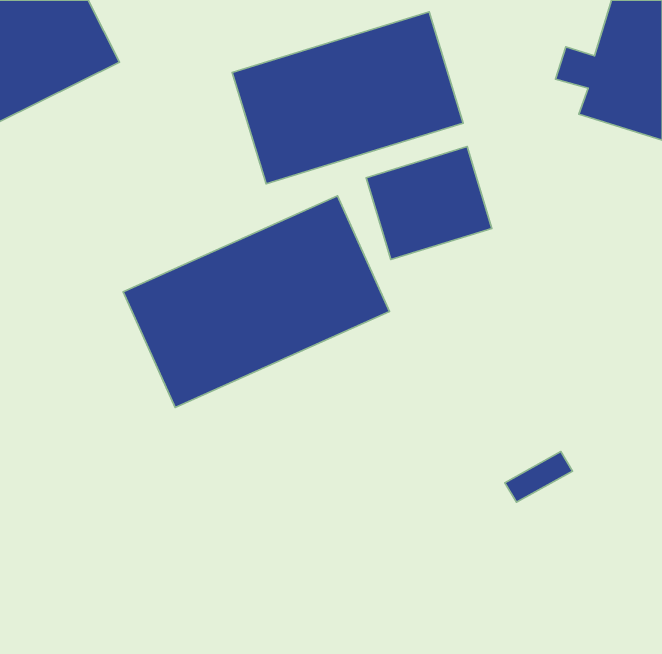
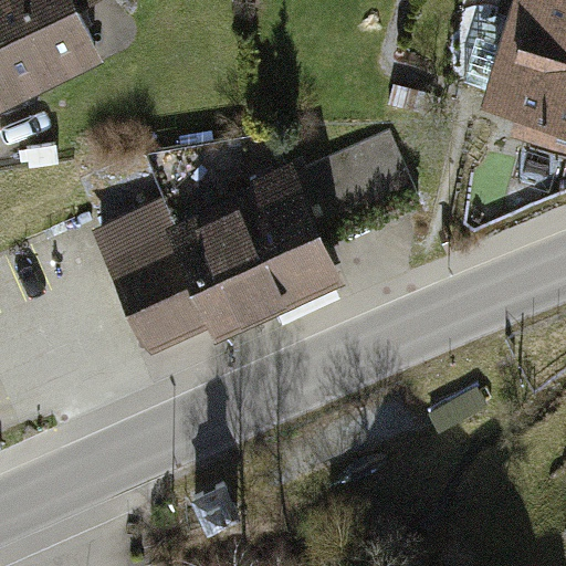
building: [232,12,463,184] -> none

